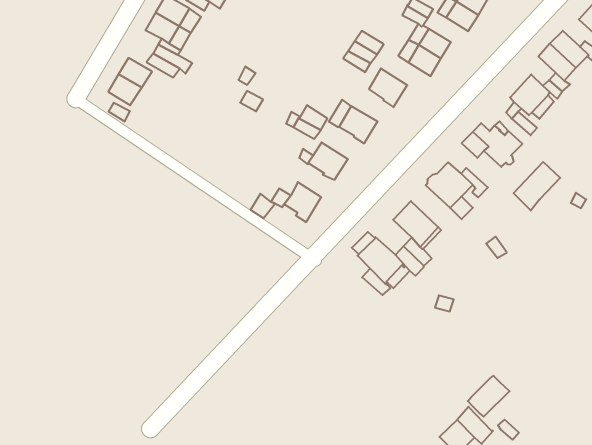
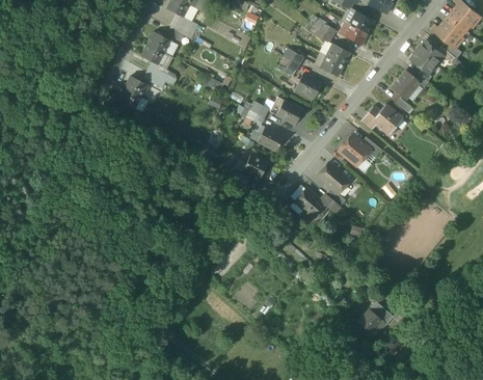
building: [514,162,560,211] -> none
building: [468,376,510,417] -> none

